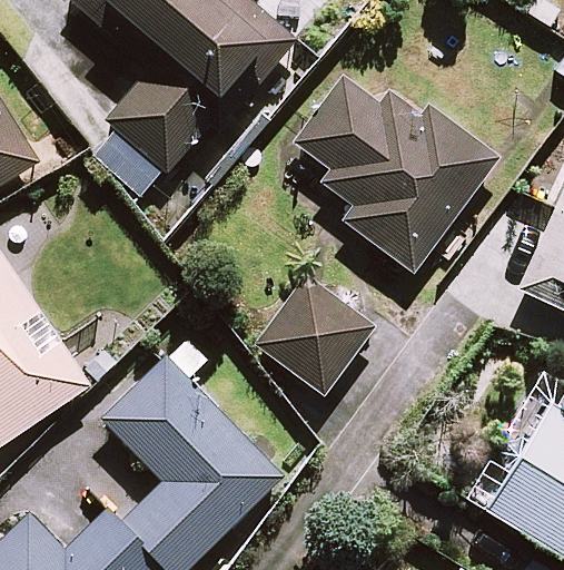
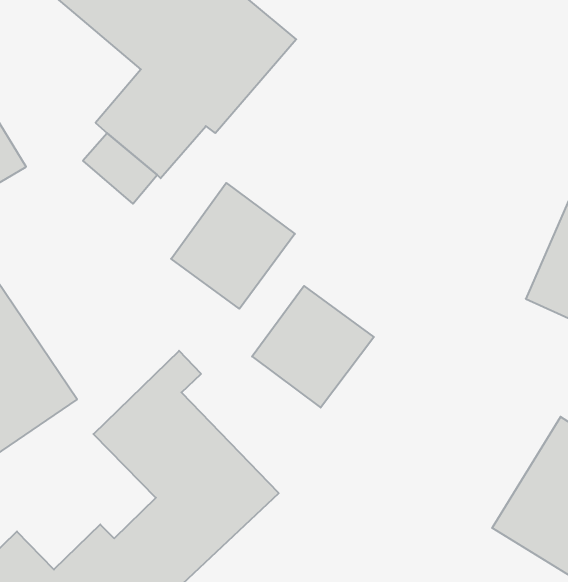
building: [295,78,497,273] -> none
building: none -> [171,183,295,309]

